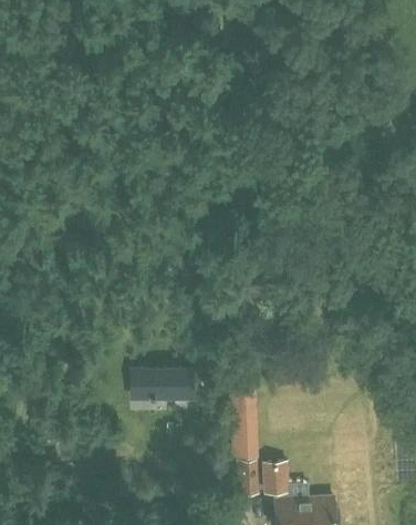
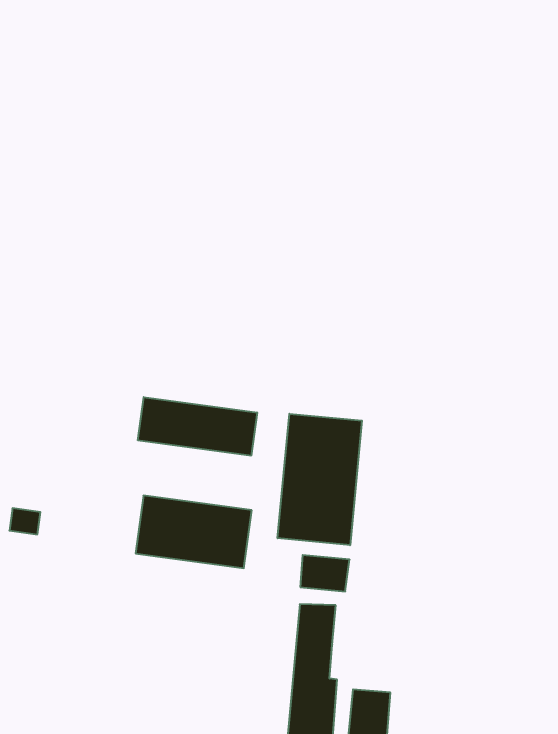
building: none -> [278,414,362,545]
building: none -> [138,397,257,456]

